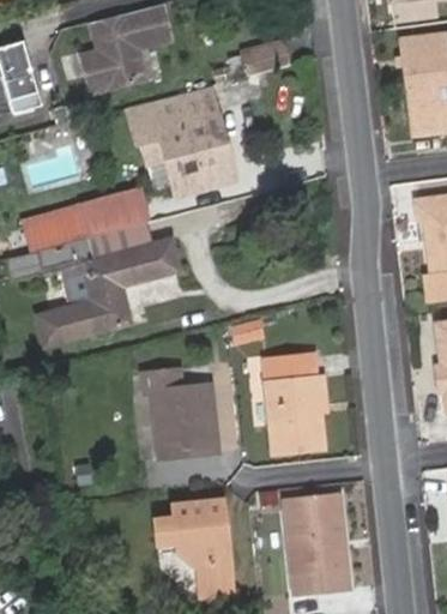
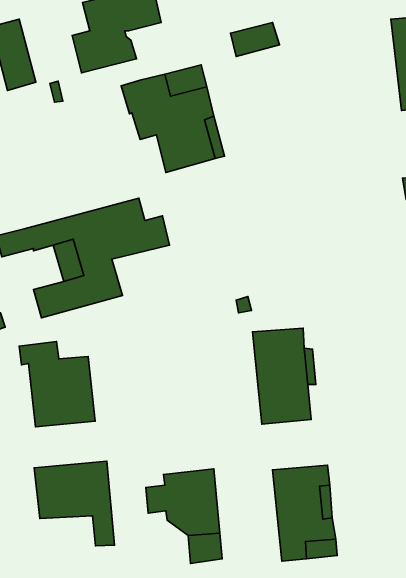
building: [20,189,147,253] -> none
building: [140,369,218,457] -> [19,341,95,427]
building: none -> [34,461,114,546]

